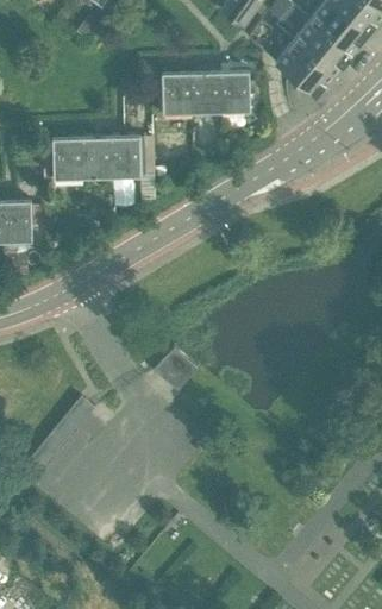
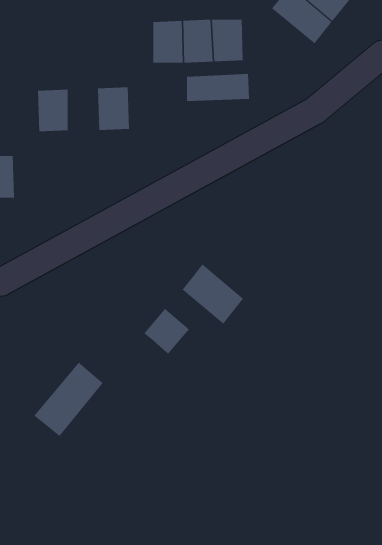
building: none -> [186,73,250,102]
building: [82,137,111,177] -> none
building: none -> [182,264,244,325]

